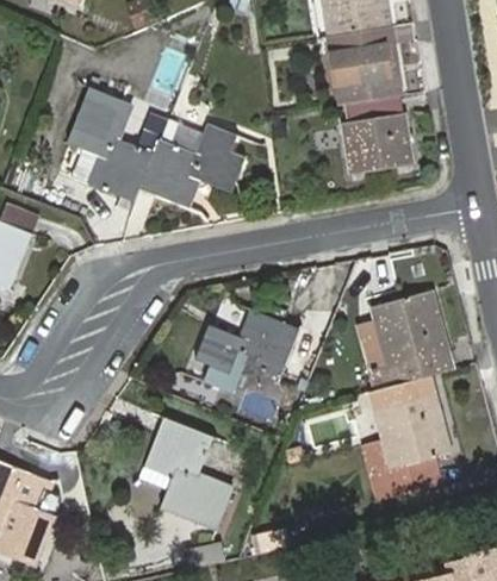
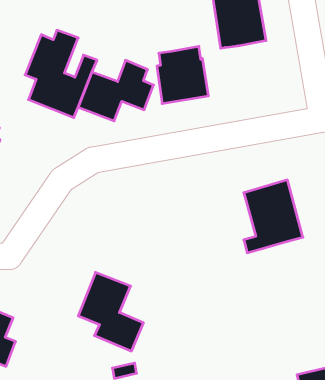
building: [341,95,412,175] -> [157,46,208,104]
building: [194,311,300,392] -> none
building: [368,375,451,501] -> none

